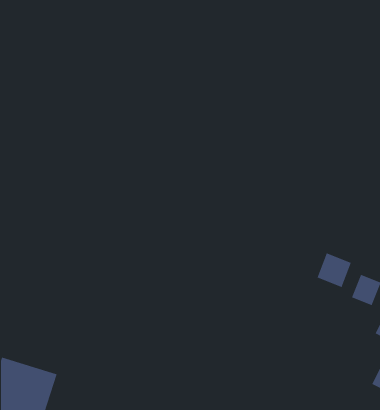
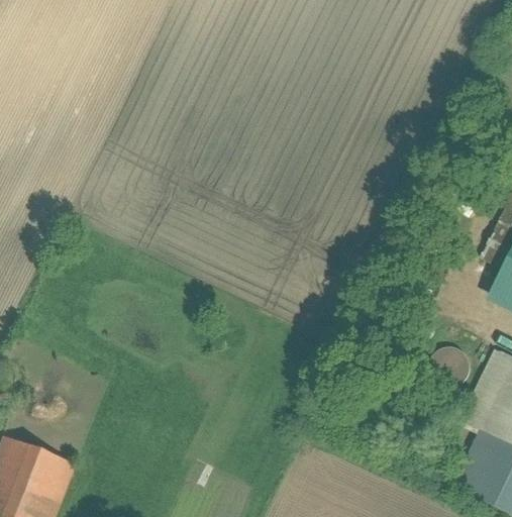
building: [317,253,351,288] -> none

